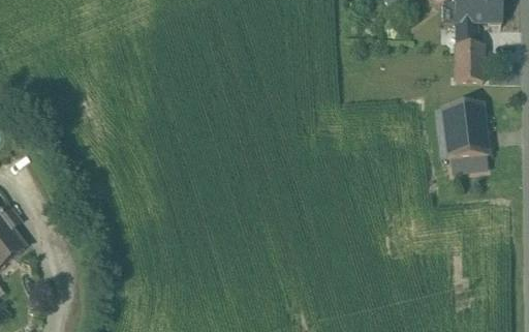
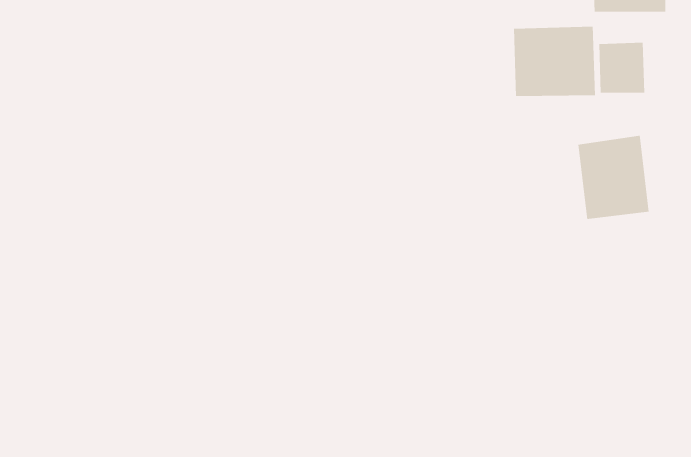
building: none -> [514,26,596,97]

